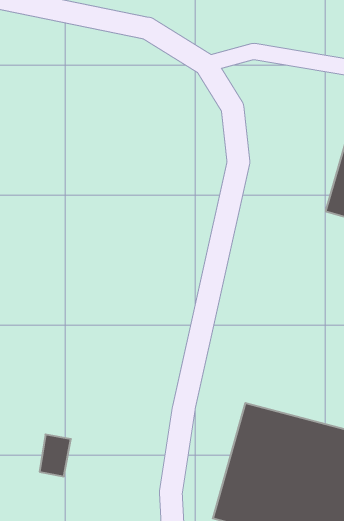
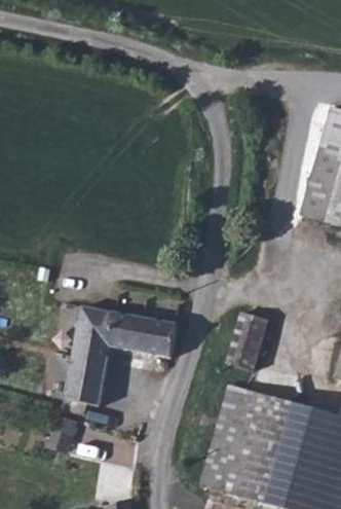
building: none -> [66,307,178,415]
building: none -> [227,314,267,371]

